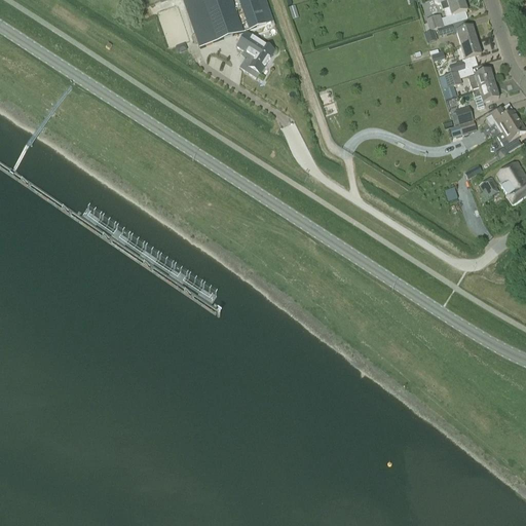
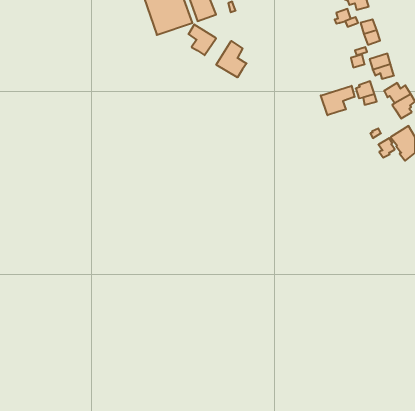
building: none -> [216,41,247,77]
building: none -> [321,86,355,115]

